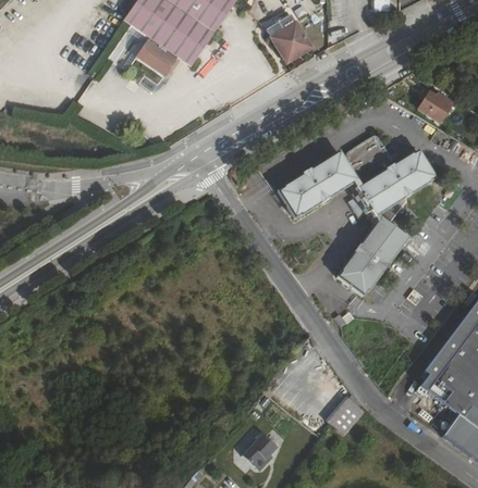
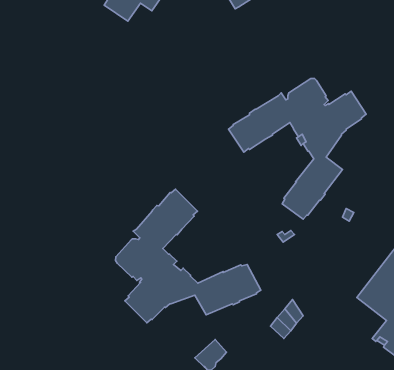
building: [417,88,452,118] -> none
building: none -> [115,189,261,323]

